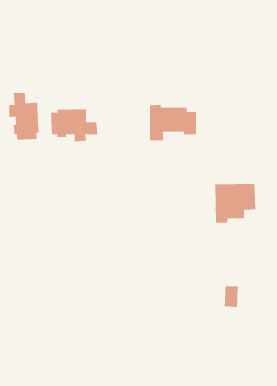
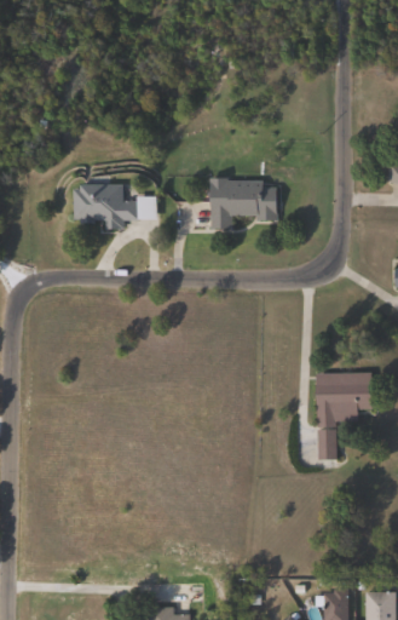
building: [9,92,39,140] -> none
building: [214,183,256,223] -> [317,372,375,427]

